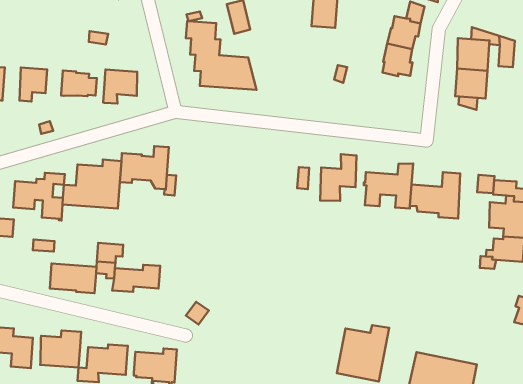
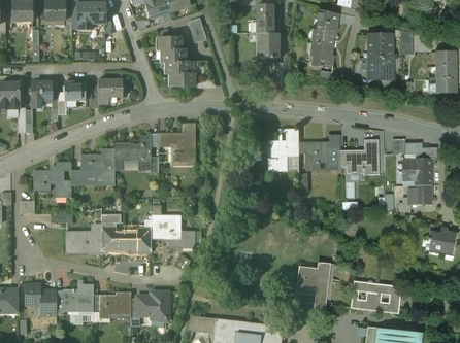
building: none -> [258,33,277,58]
building: none -> [157,123,194,162]
building: none -> [150,204,194,248]

